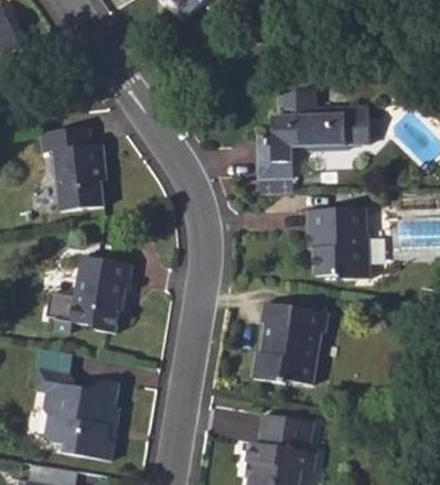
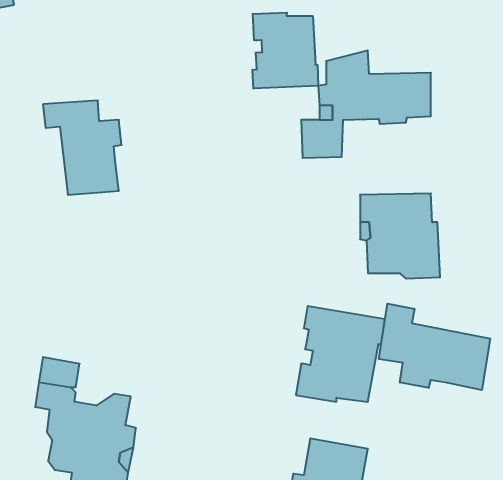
building: none -> [252,13,318,89]
building: [46,256,130,333] -> none
building: none -> [379,304,490,390]

